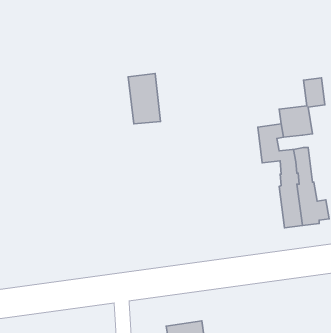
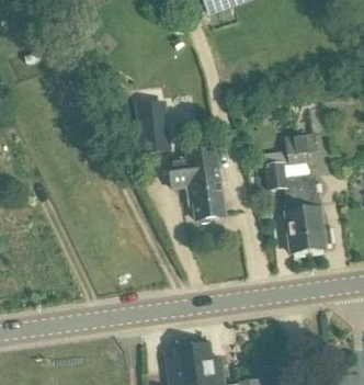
building: none -> [163,148,224,219]

